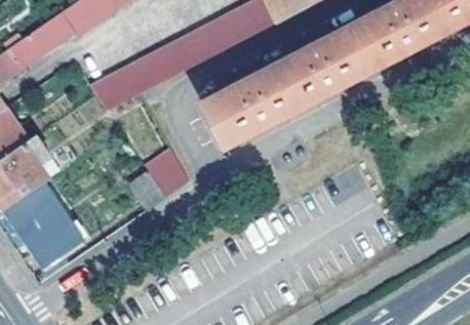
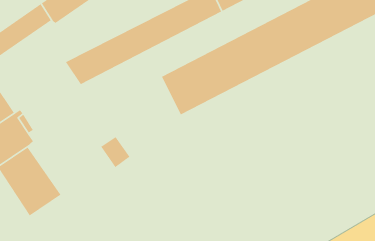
building: [145,148,189,196] -> none

